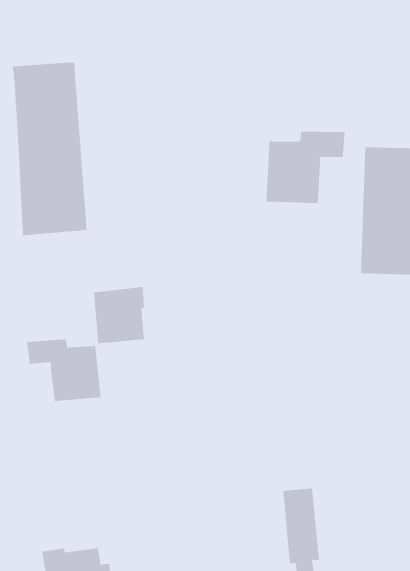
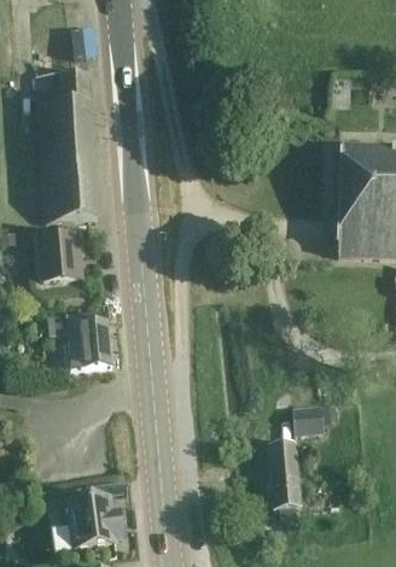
building: [266,131,345,204] -> none
building: [93,287,145,344] -> [37,230,82,280]
building: none -> [293,404,325,433]

